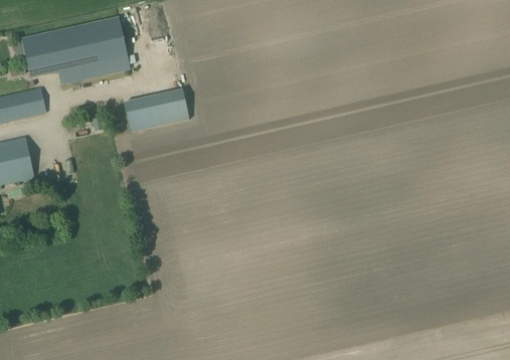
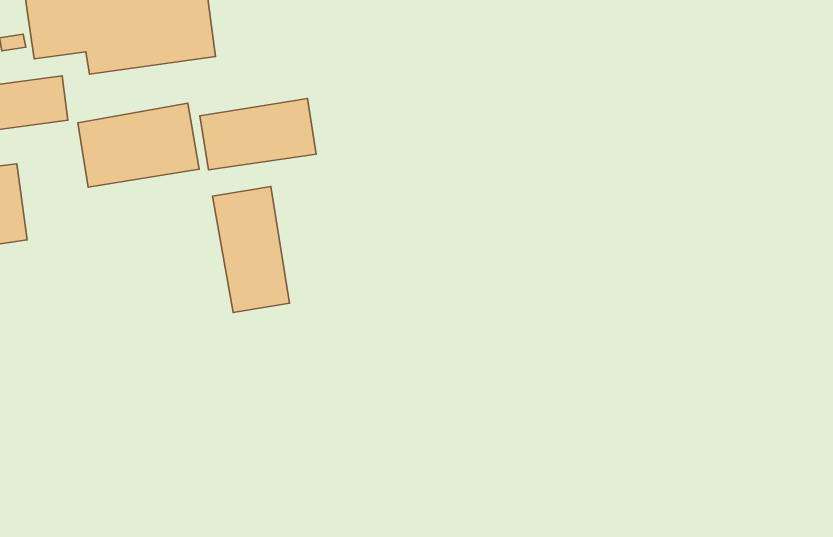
building: none -> [78,103,199,187]
building: none -> [213,186,290,312]

